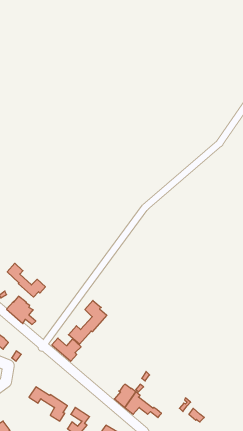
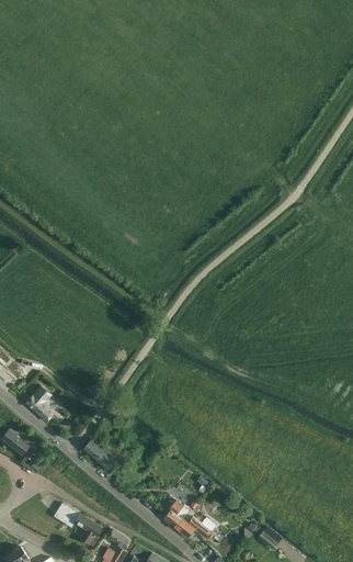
building: [7,263,45,297] -> none
building: [68,300,107,344] -> none

